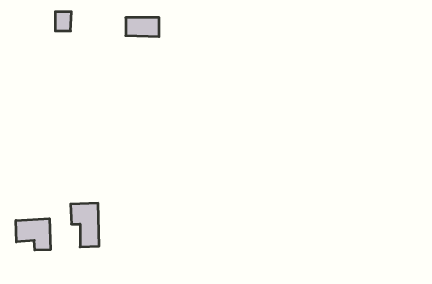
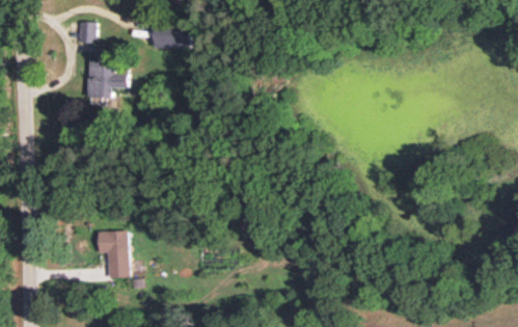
building: none -> [88,51,128,99]
building: [16,219,50,250] -> none

